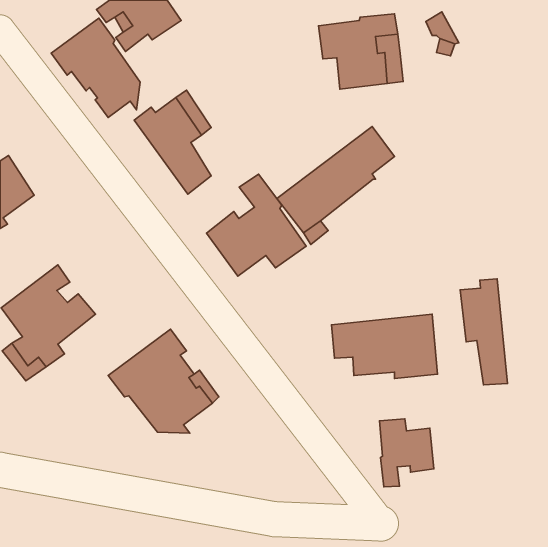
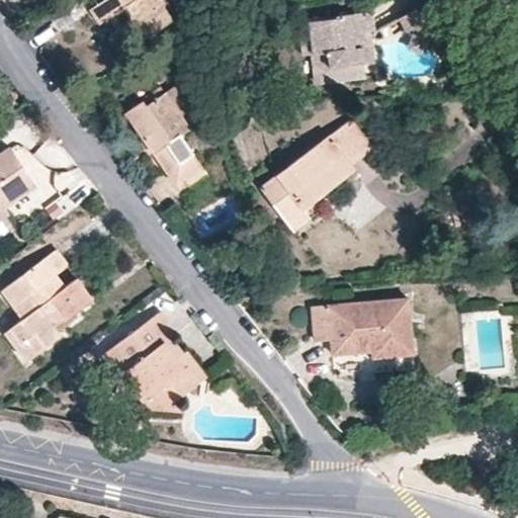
building: [51,18,140,117] -> none
building: [207,174,306,276] -> none
building: [460,279,508,385] -> none
building: [380,419,434,487] -> none

